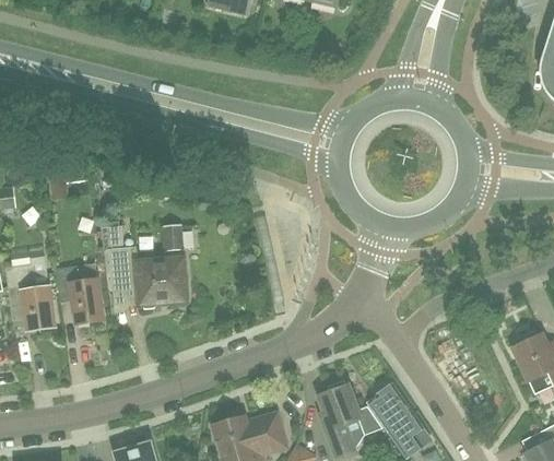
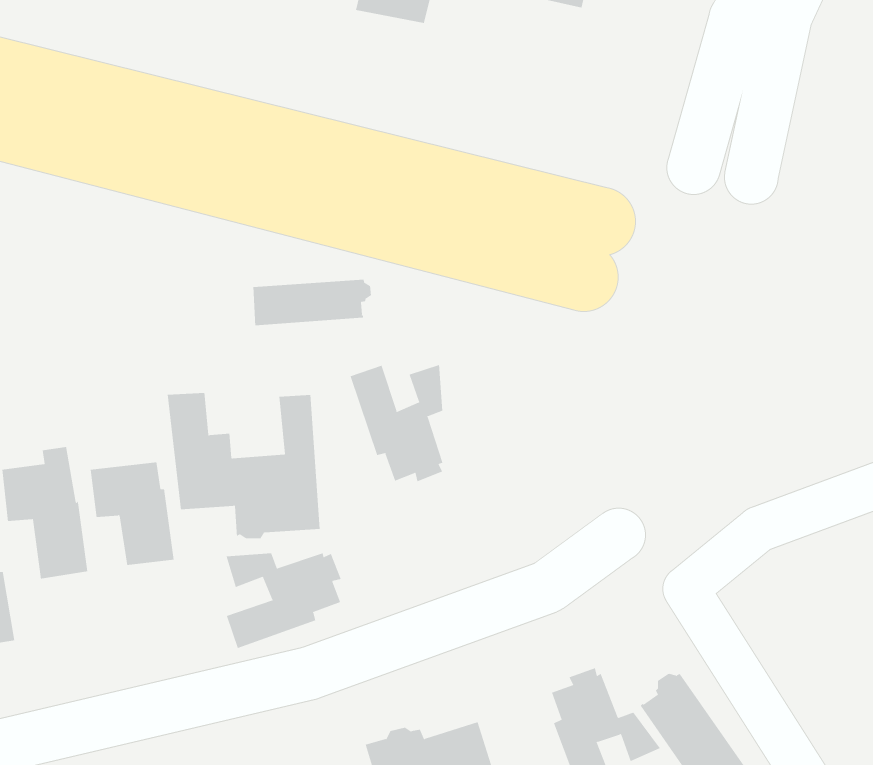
building: none -> [253,279,372,326]
building: none -> [350,364,443,482]
building: none -> [226,552,341,649]

